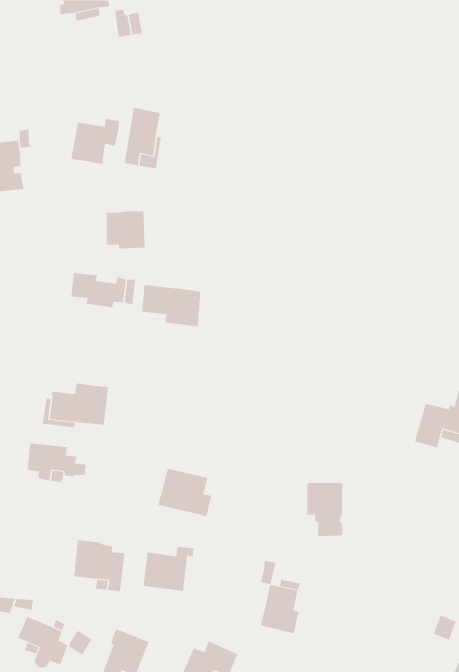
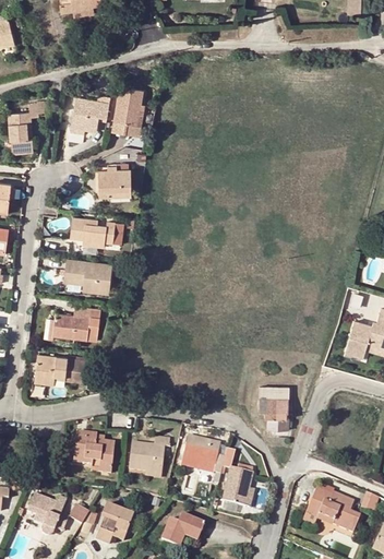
building: [141,285,201,327] -> [63,260,111,294]
building: [158,468,212,517] -> [180,436,224,475]
building: none -> [302,488,360,534]

